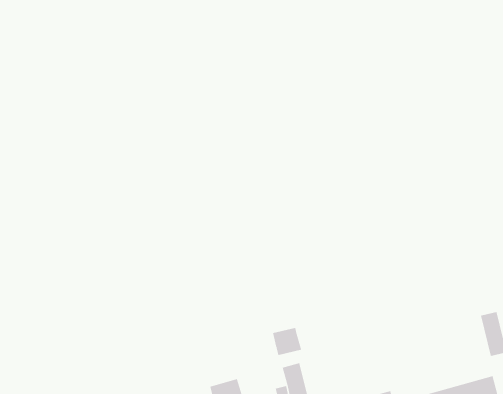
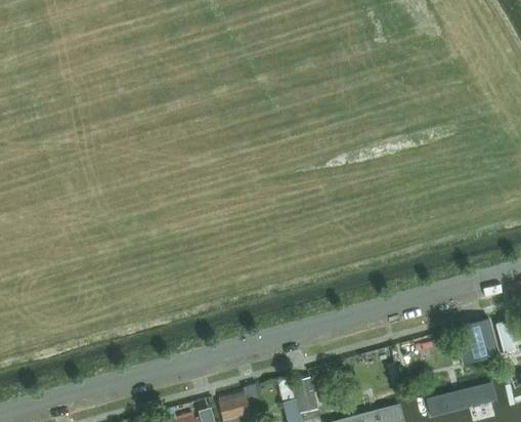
building: none -> [468,327,493,361]
building: [273,327,302,356] -> none

